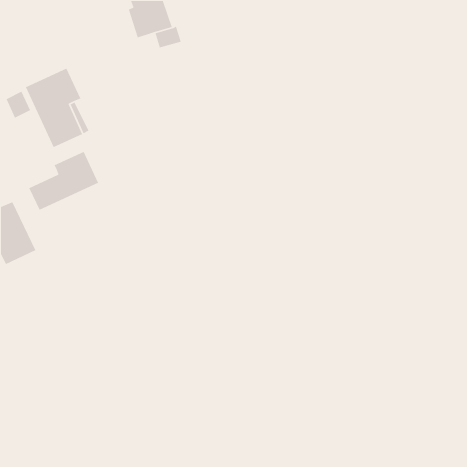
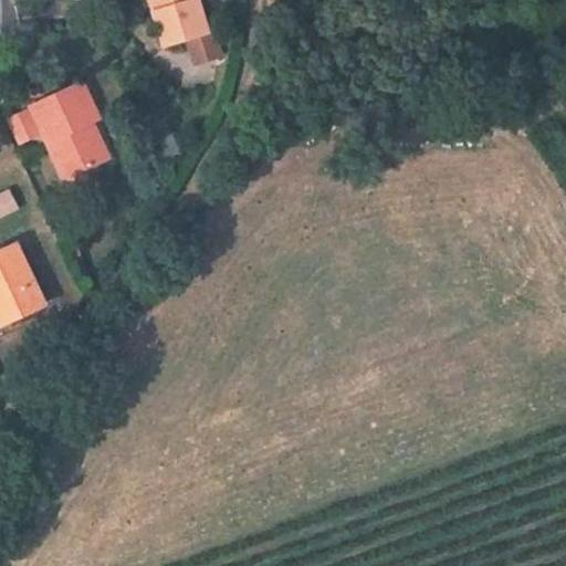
building: [28,151,99,211] -> none

